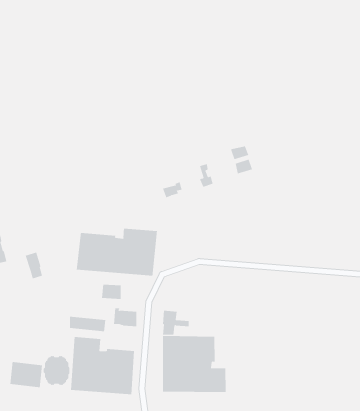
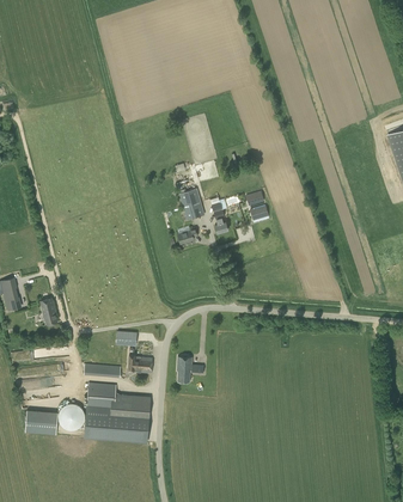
building: none -> [179,188,204,220]
building: [76,228,157,277] -> none
building: [162,335,226,393] -> none

